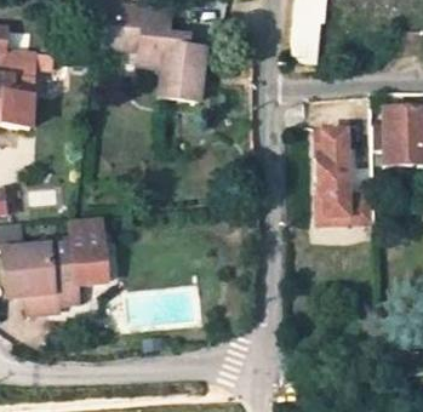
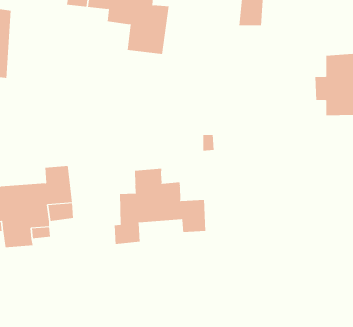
building: [316,131,373,224] -> none
building: none -> [114,168,206,245]

